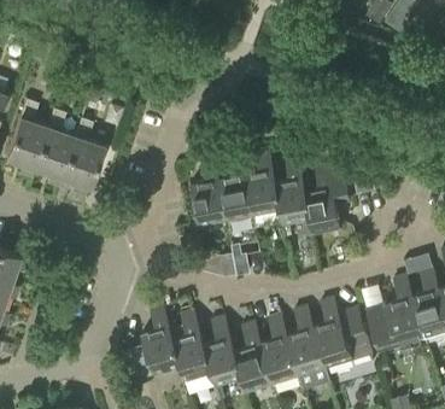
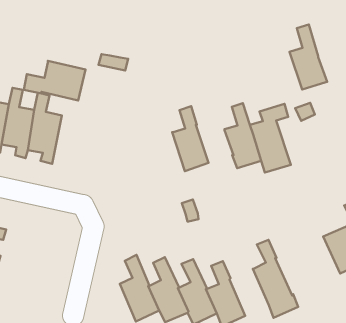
building: none -> [24,61,86,100]
building: [245,146,281,215] -> [290,25,327,90]
building: [191,157,227,226] -> none
building: [312,297,373,368] -> none
building: [260,314,299,384] -> none

